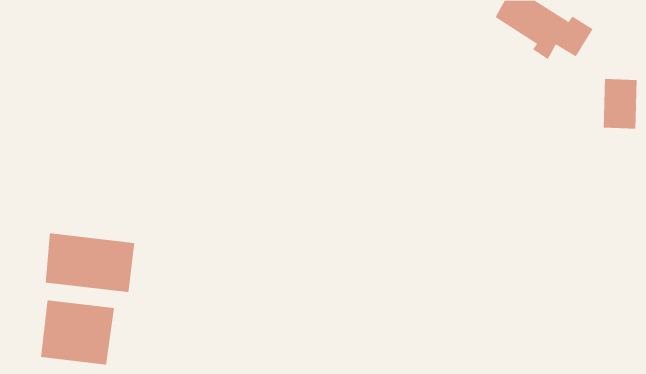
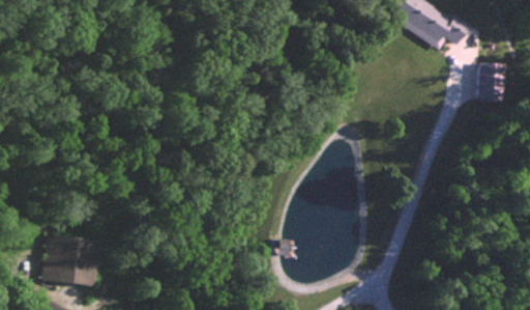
building: [45,232,135,293] -> none

